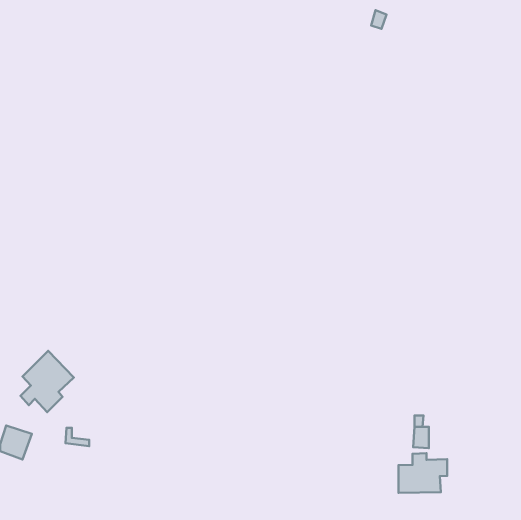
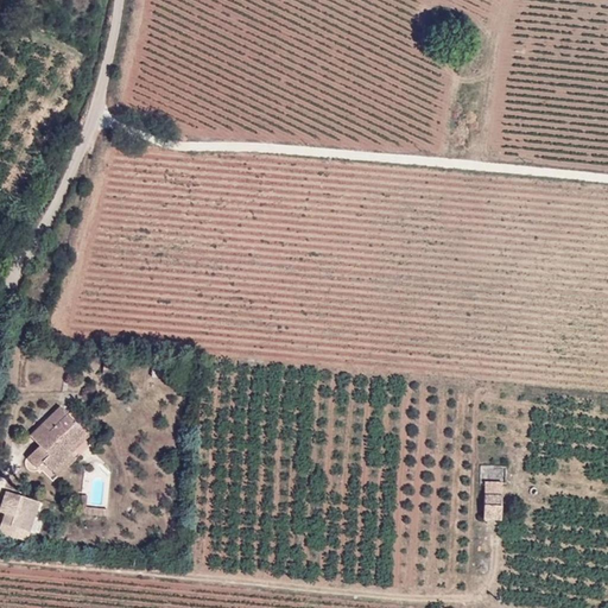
building: [399,453,447,493] -> none

